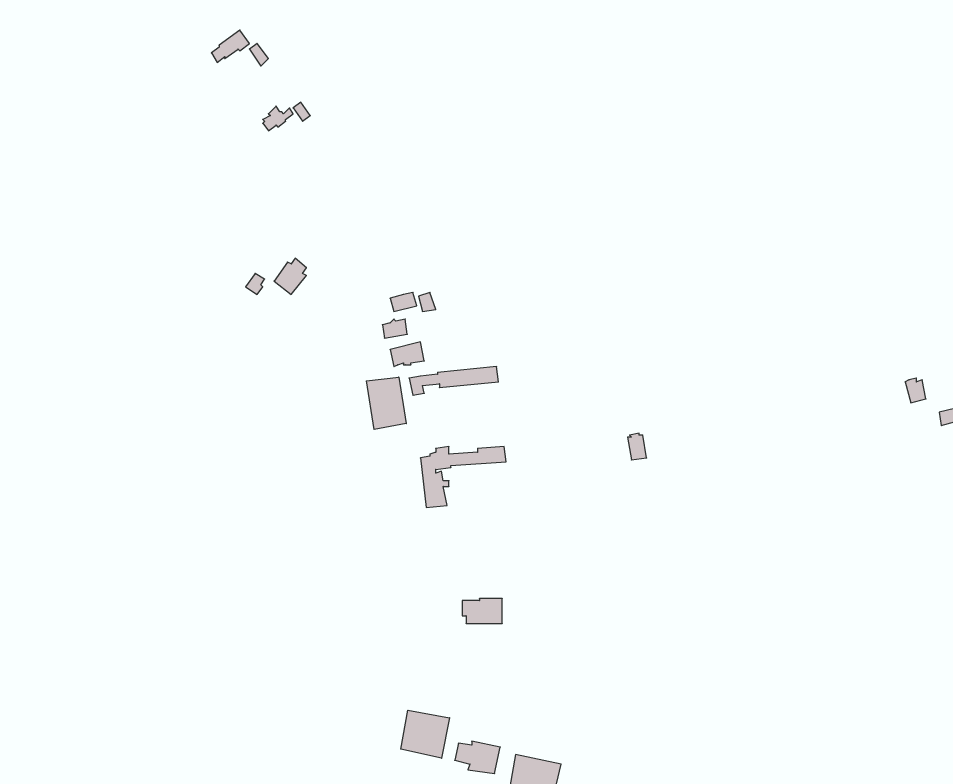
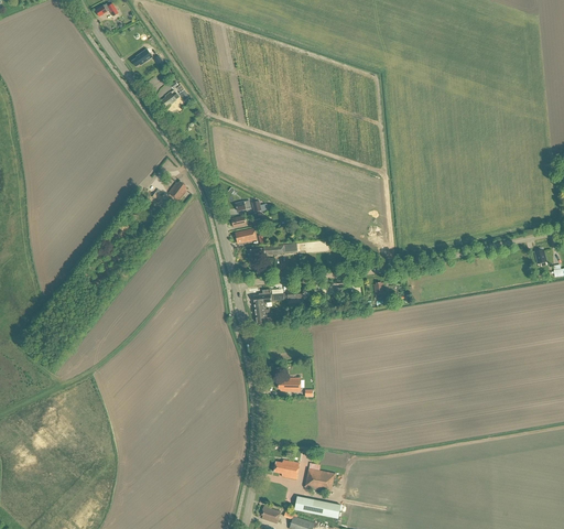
building: [366,377,406,429] -> none
building: [401,710,450,758] -> none

